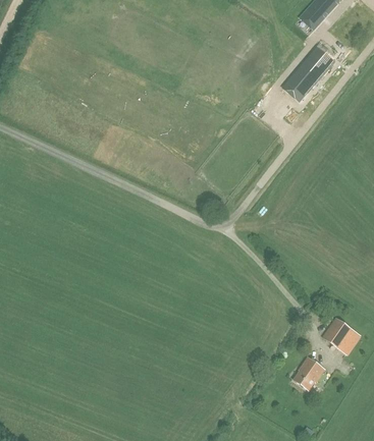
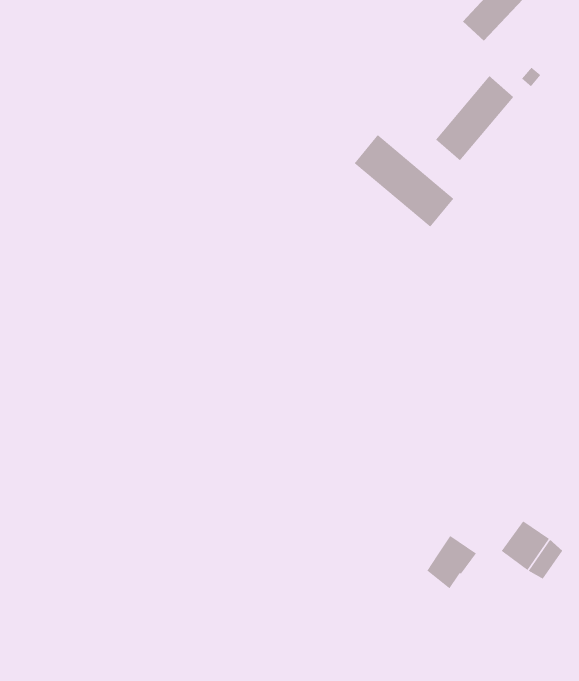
building: none -> [354,134,454,228]
building: [293,357,324,390] -> [426,535,477,589]

